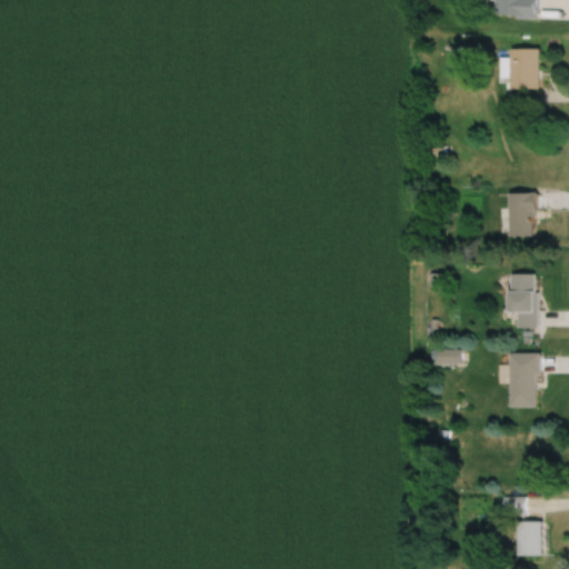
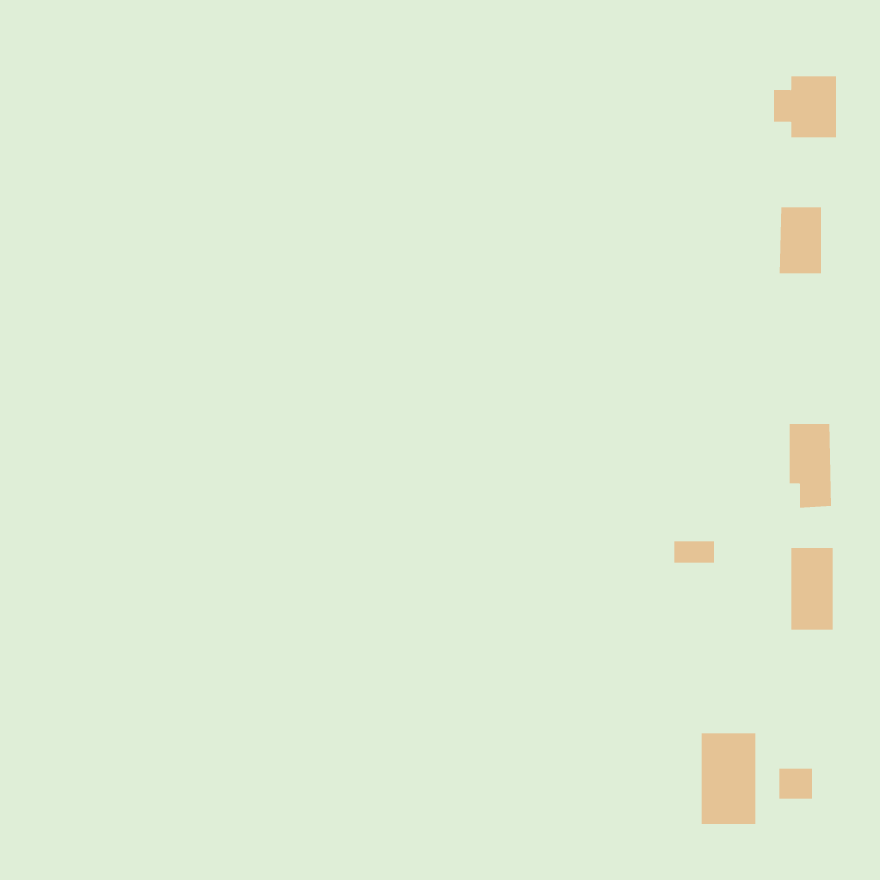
building: [508,192,536,236] -> [779,207,822,274]
building: none -> [701,733,756,825]
building: [517,521,542,555] -> none

